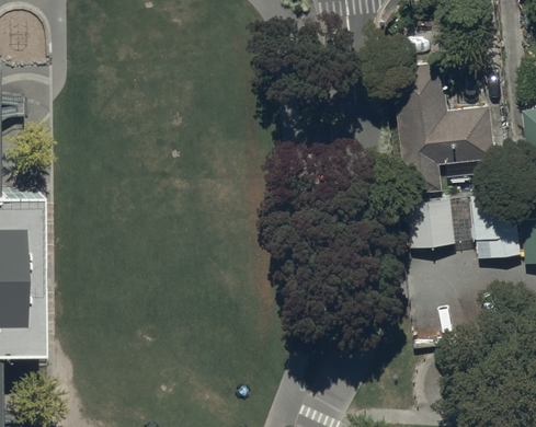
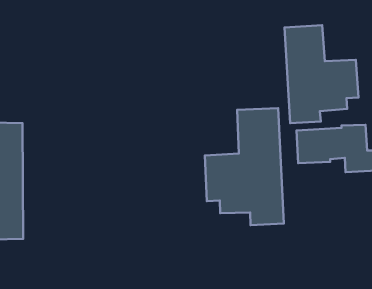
building: none -> [205,108,284,225]

